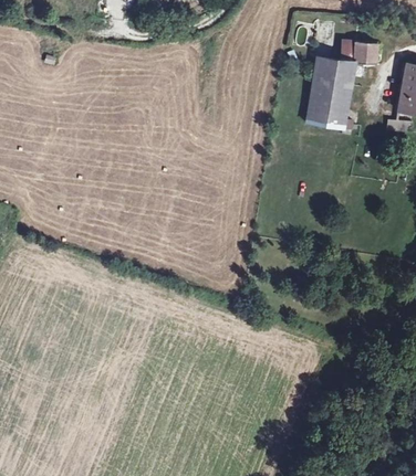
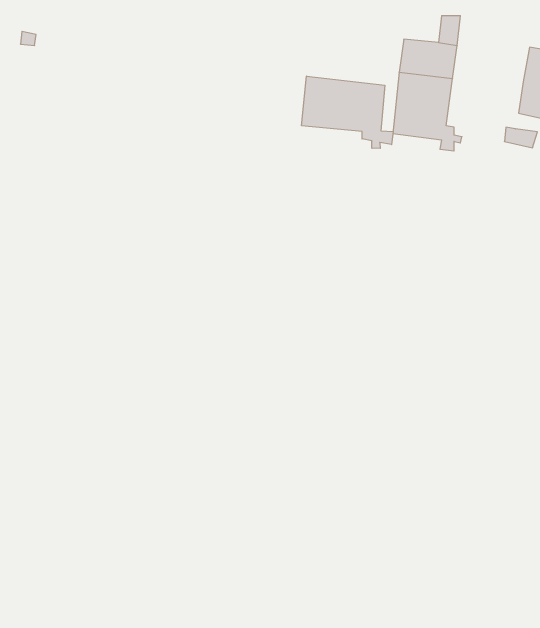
building: [354,41,377,64] -> none
building: none -> [302,76,393,148]

